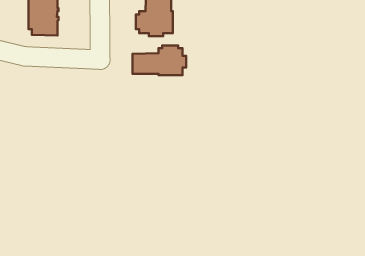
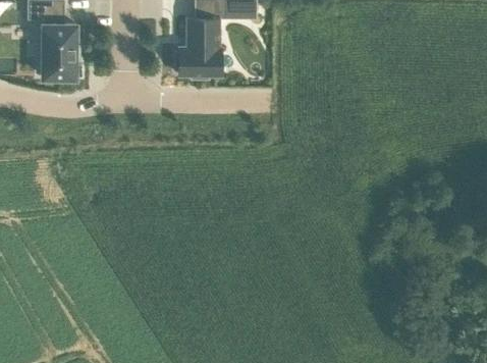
building: [133,46,186,75] -> none

